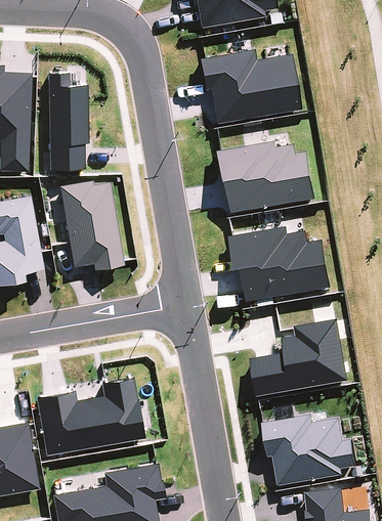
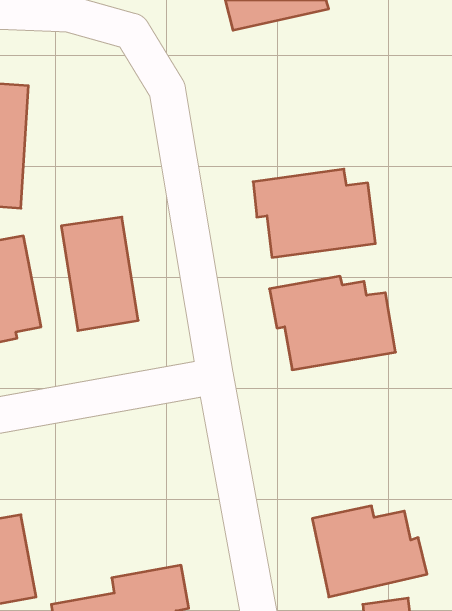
building: [202,49,301,126] -> none
building: [47,73,87,169] -> none
building: [251,321,348,397] -> none
building: [36,377,143,455] -> none

